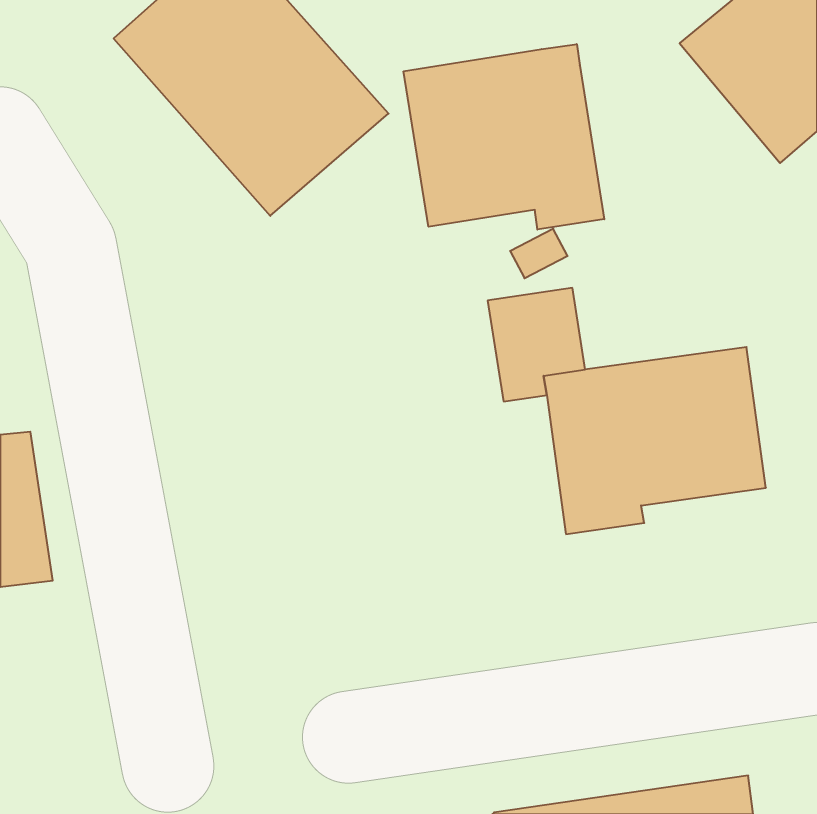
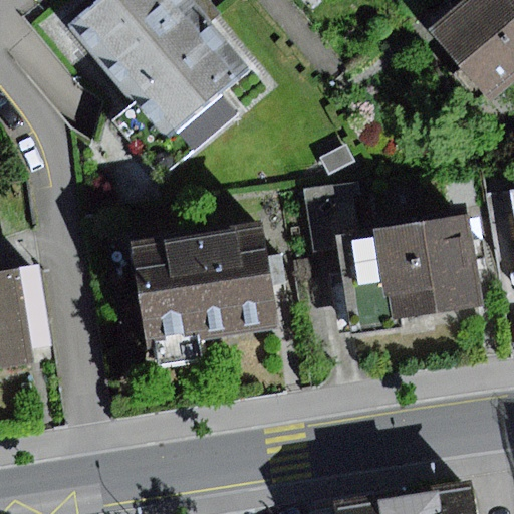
building: [404,44,604,230] -> none
building: none -> [135,228,275,362]

